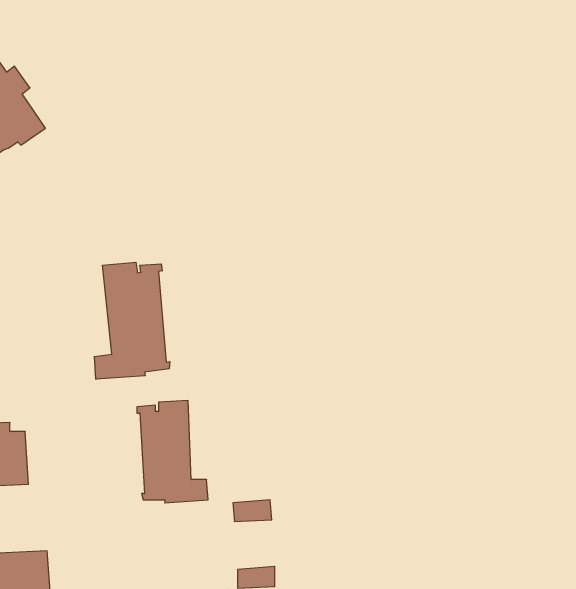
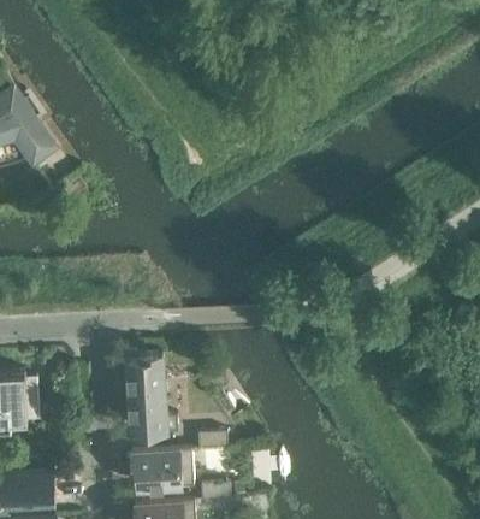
building: [94,262,170,379] -> none
building: none -> [125,449,194,491]

